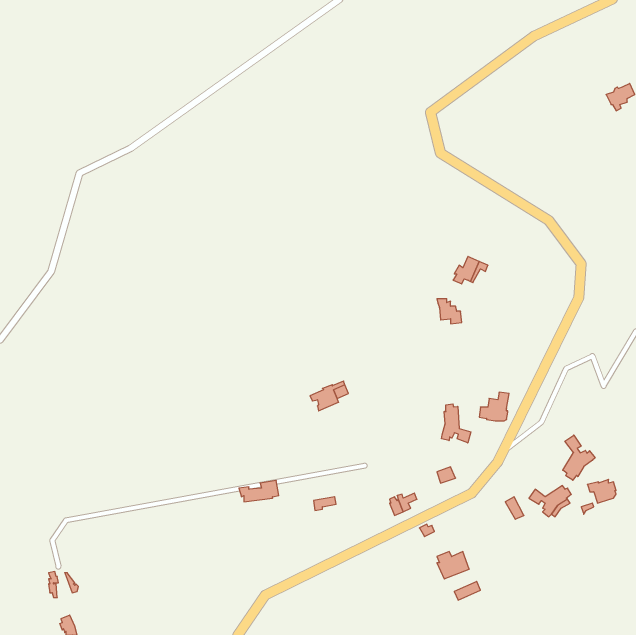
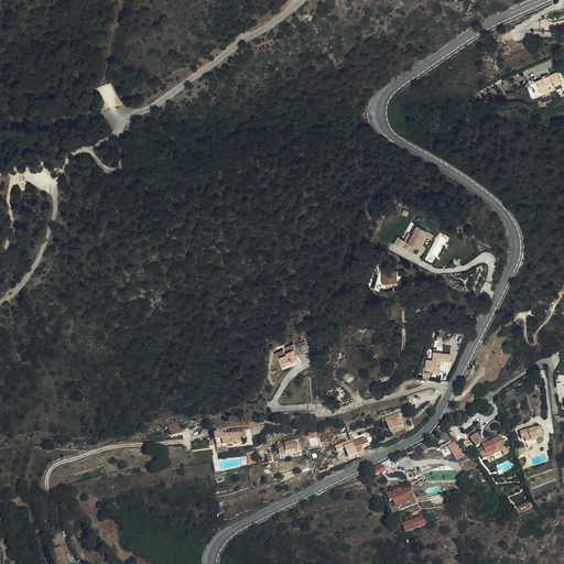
building: [442,404,471,443] -> none
building: [563,435,595,480] -> none

